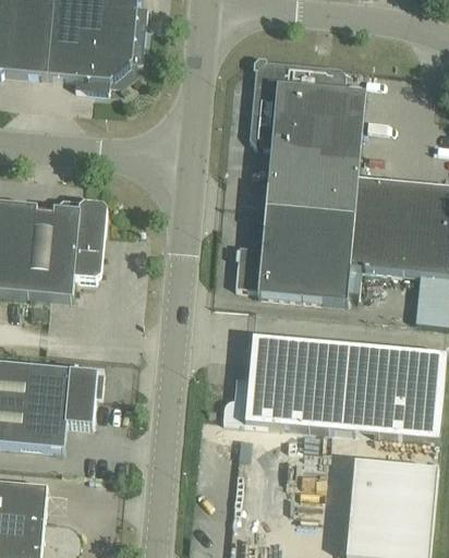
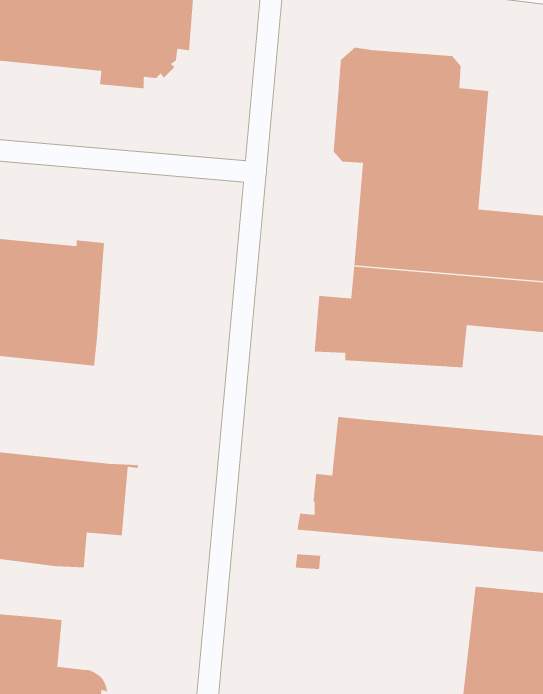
building: [74,201,107,278] -> none

